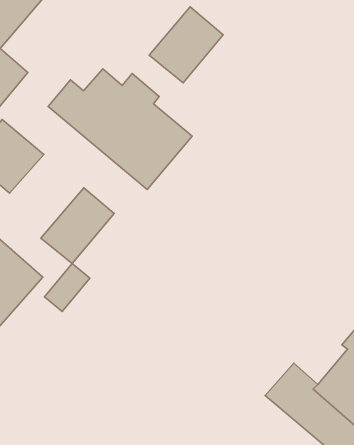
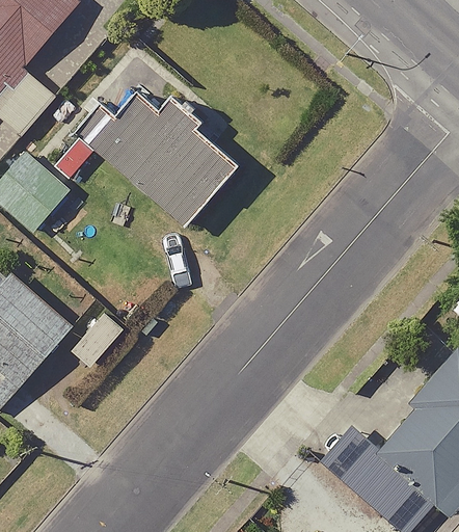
building: [149,7,223,83] -> none
building: [41,188,114,263] -> none

